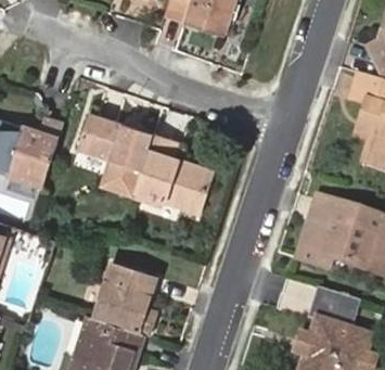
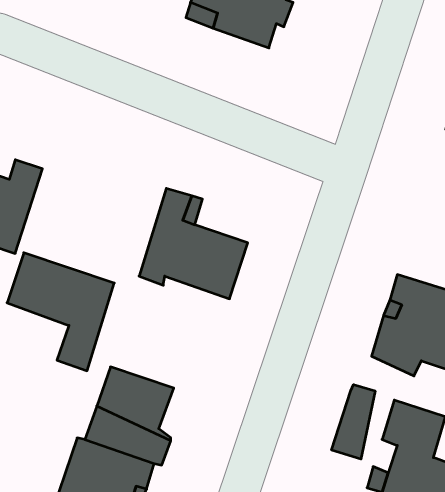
building: [75,115,152,200] -> [7,253,114,371]
building: none -> [332,385,375,459]

